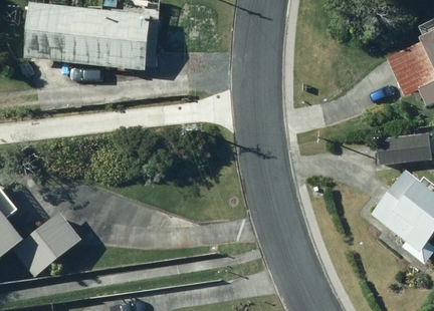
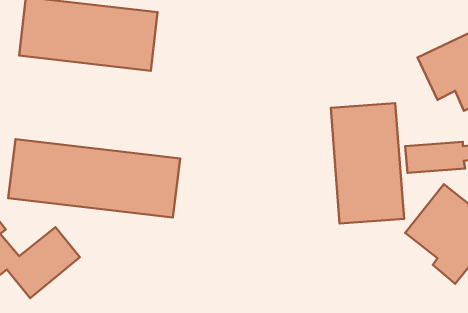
building: none -> [331,103,404,224]
building: none -> [8,139,180,217]

